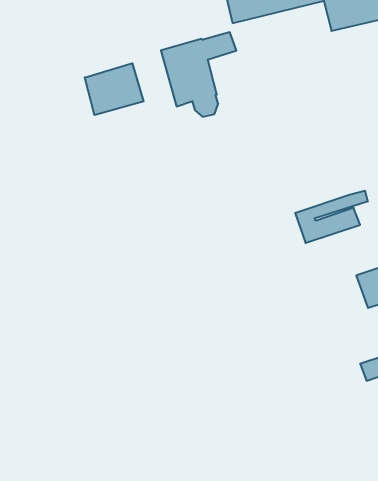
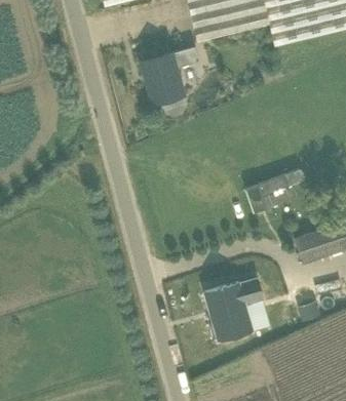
building: [85,63,144,115] -> none
building: none -> [205,277,263,337]

